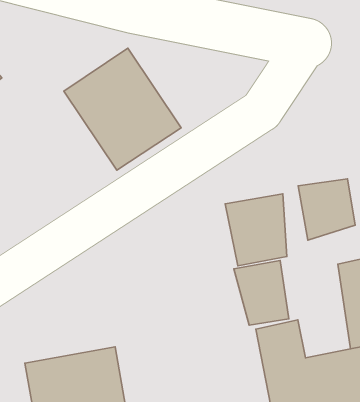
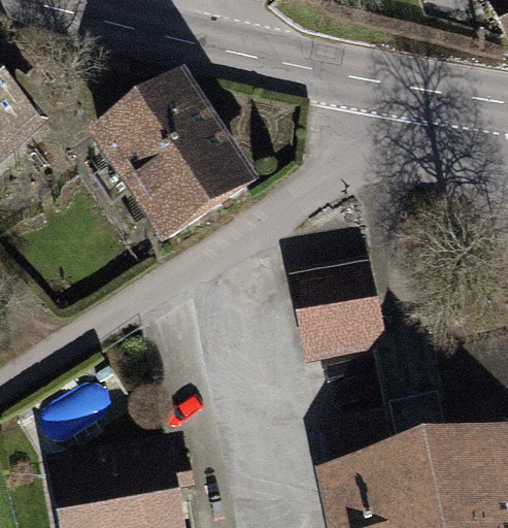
building: [298,179,355,240] -> none
building: [234,261,289,325] -> none

